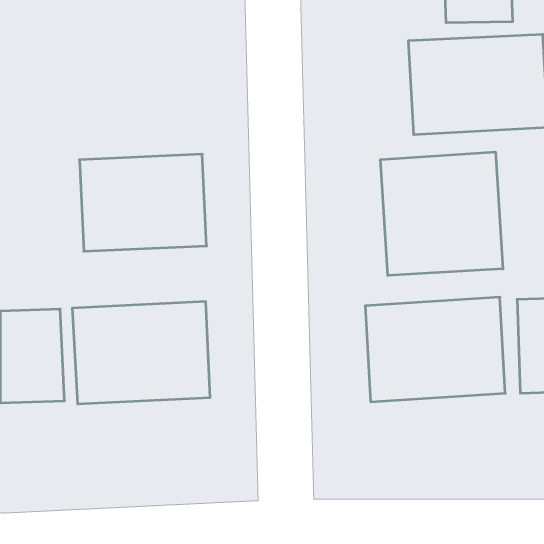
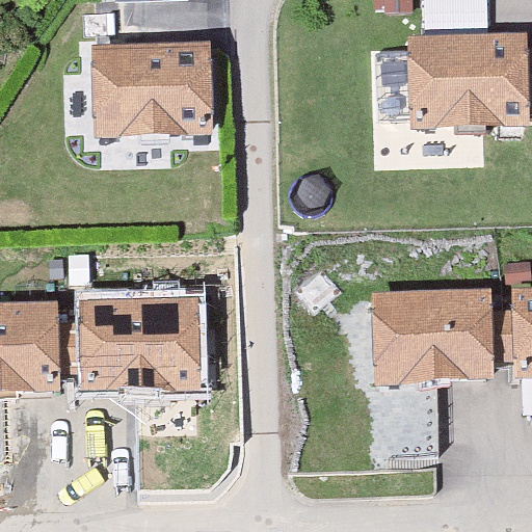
building: [381,152,503,276] -> none
building: [79,154,207,251] -> [90,42,213,135]

